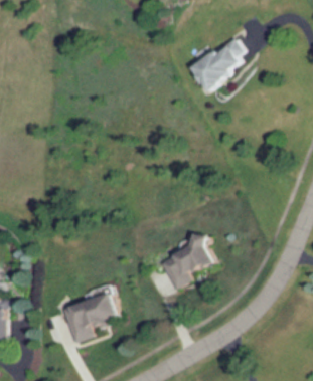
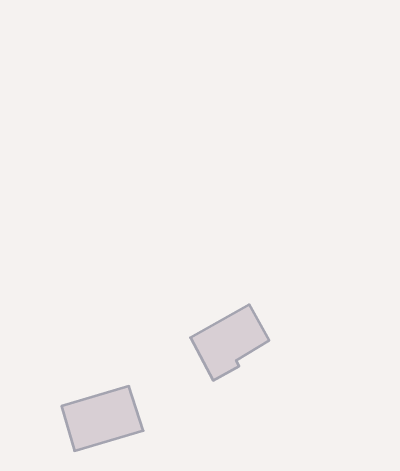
building: [186,40,243,89] -> none

